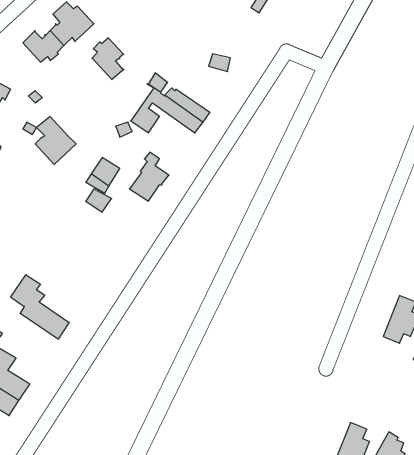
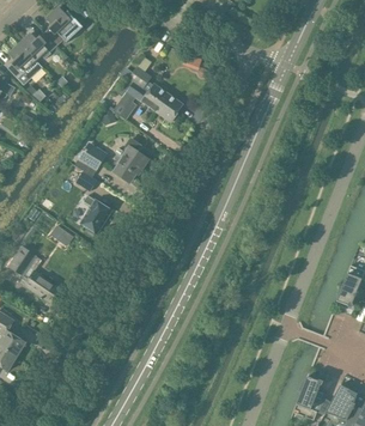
building: [92,38,124,80] -> none
building: [35,117,76,164] -> [7,43,43,85]
building: none -> [80,195,111,235]

